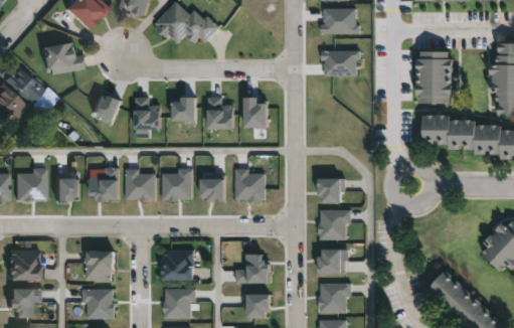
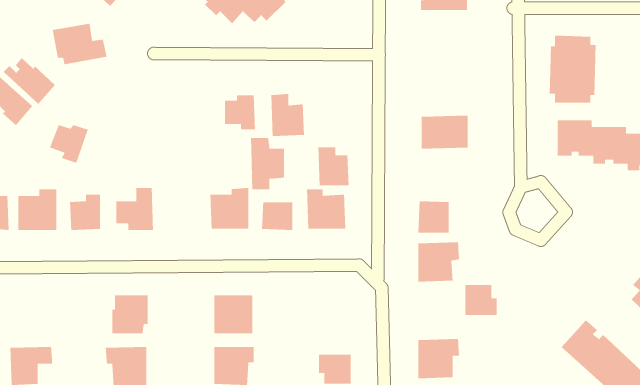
building: [322,50,358,76] -> [421,115,468,149]
building: [91,96,121,126] -> [49,124,89,164]
building: [134,98,160,138] -> [250,137,285,190]
building: [243,98,268,128] -> [318,146,349,186]
building: [125,169,155,201] -> none
building: [8,250,38,280] -> none
building: [320,250,345,274] -> [464,284,497,316]
building: [235,255,270,284] -> none

